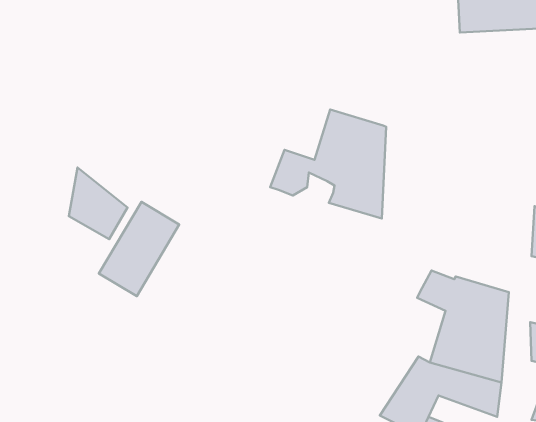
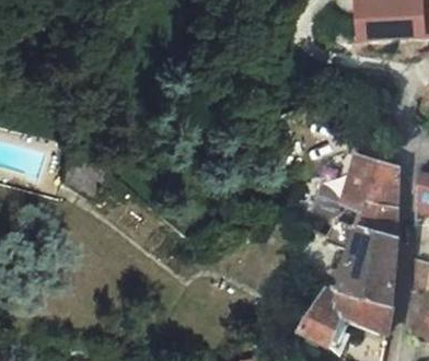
building: [270,110,386,219] -> [312,153,401,236]
building: [99,202,179,296] -> none

